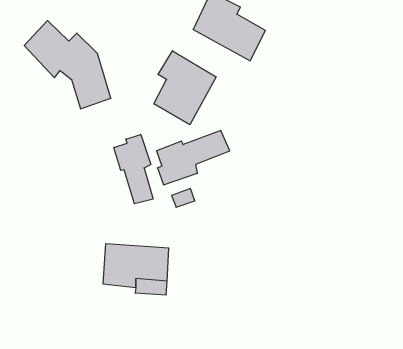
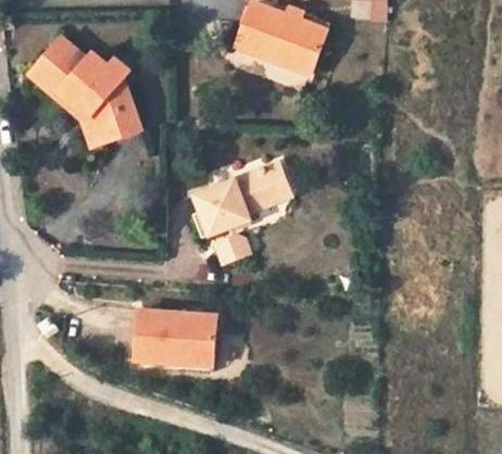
building: [154,51,216,125] -> none
building: [114,134,153,204] -> none

